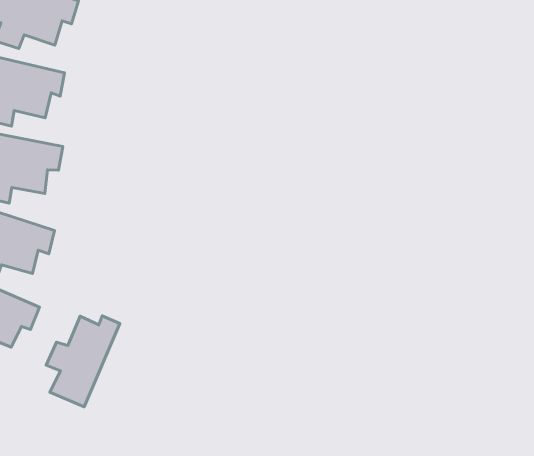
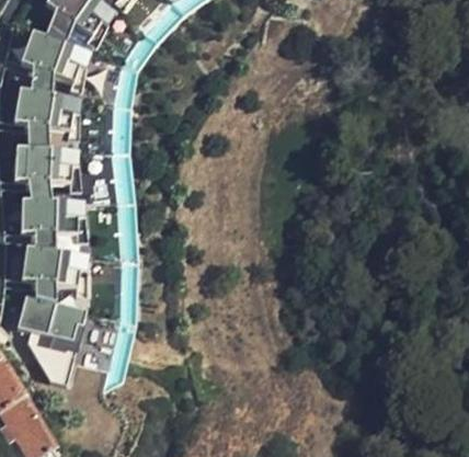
building: [46,316,120,407] -> none

